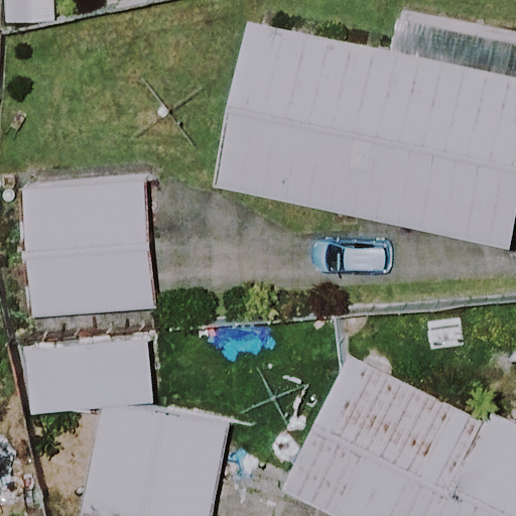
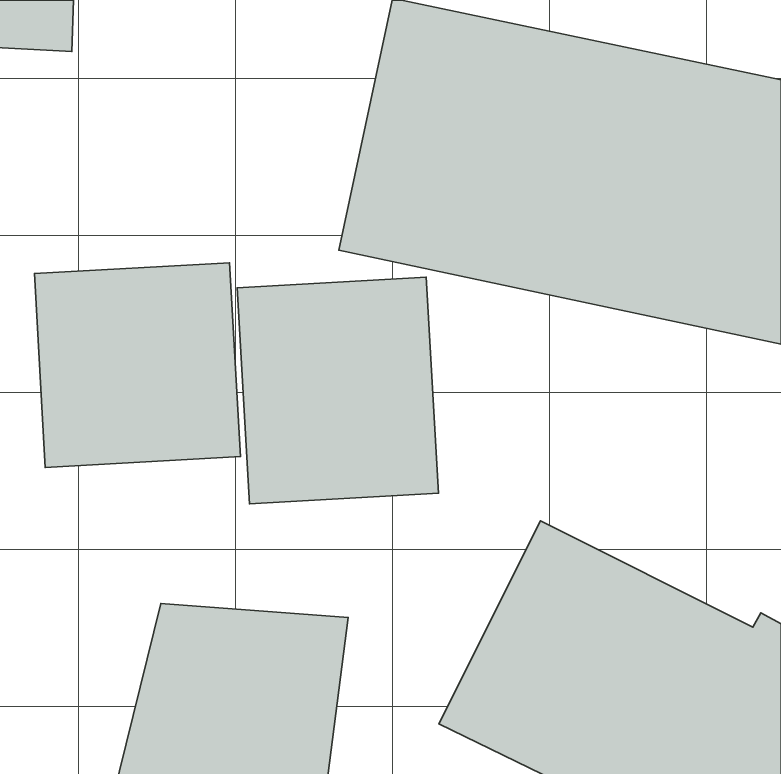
building: none -> [237,277,438,504]

